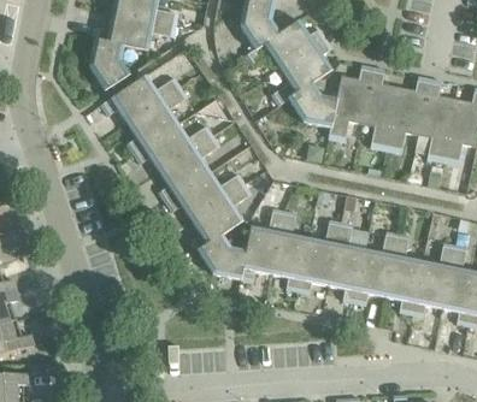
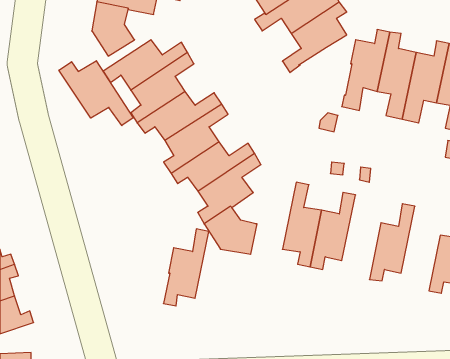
building: [287,82,337,128] -> none
building: none -> [59,61,133,126]
building: [241,208,284,282] -> [163,229,209,306]
building: [328,223,365,303] -> none
building: [384,233,422,314] -> none

